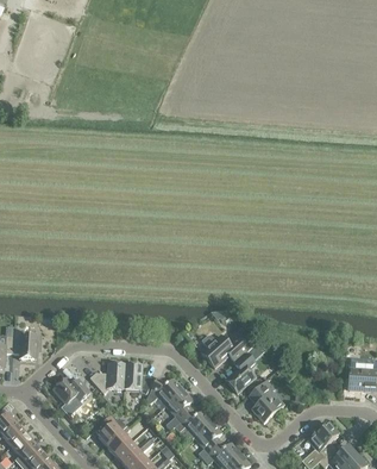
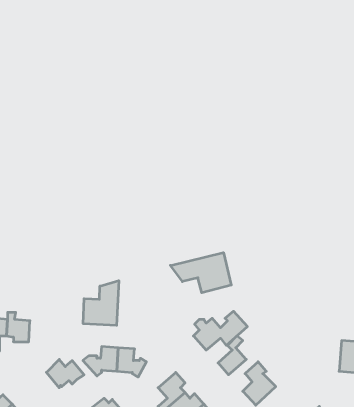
building: none -> [170,253,231,293]
building: none -> [83,281,119,325]
building: [145,376,183,405] -> none

